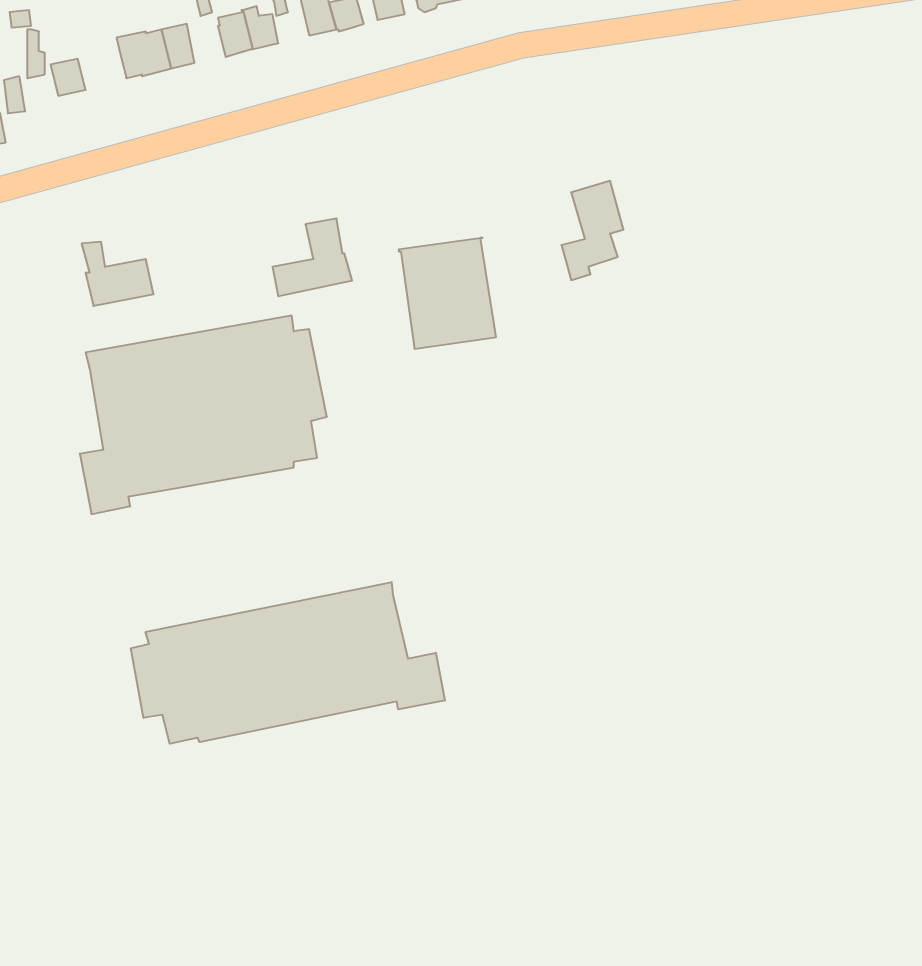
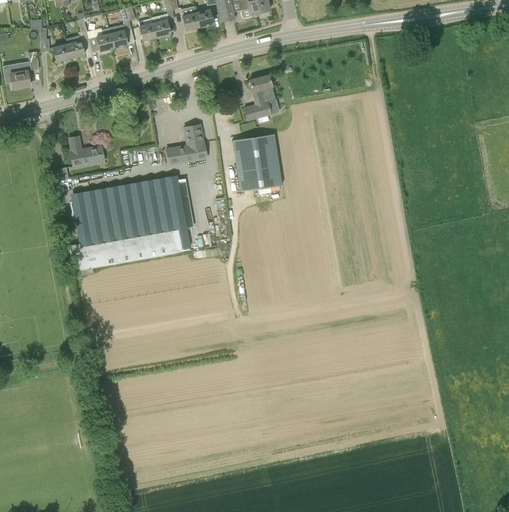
building: none -> [66,18,89,58]
building: [561,181,624,280] -> [244,74,276,125]
building: [131,582,445,744] -> none

